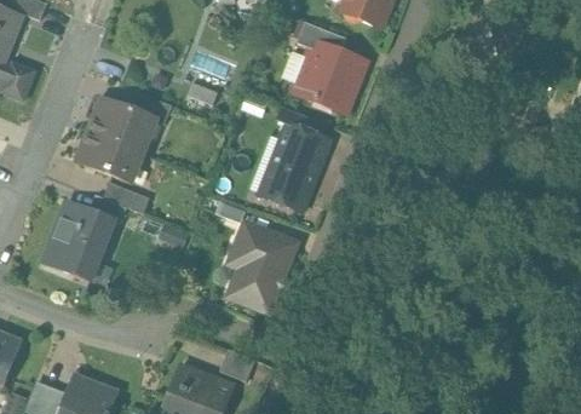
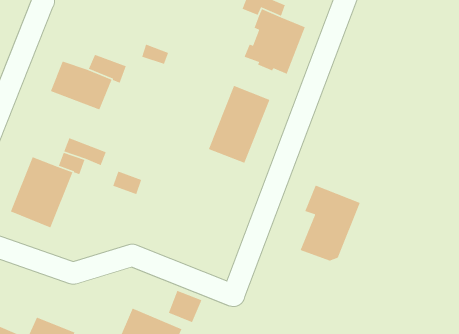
building: [76,132,142,182] -> none
building: [228,224,294,307] -> [300,185,361,262]

